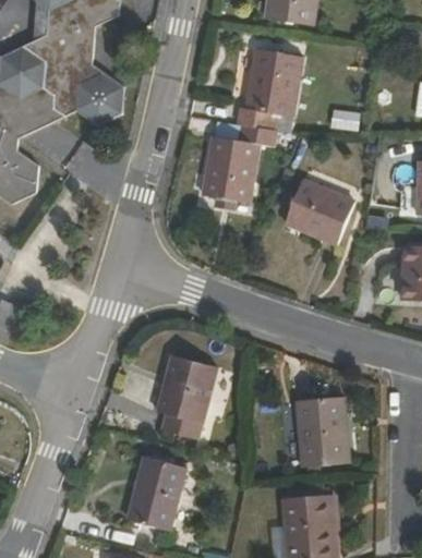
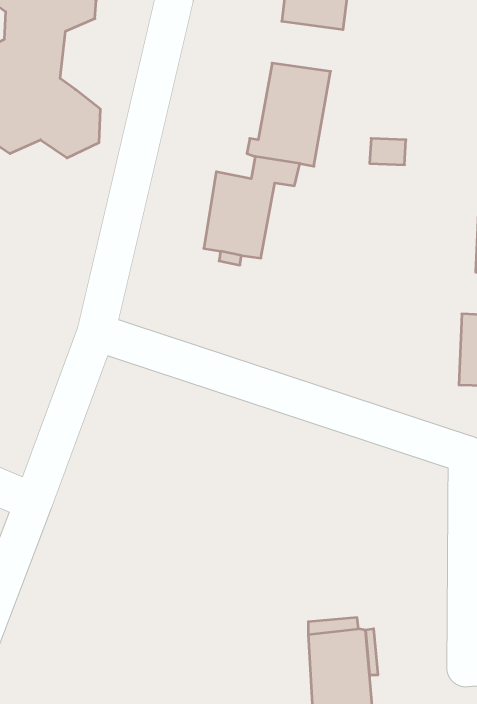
building: [285,181,352,244] -> none
building: [157,354,217,437] -> none
building: [296,395,348,465] -> none
building: [129,457,184,530] -> none

